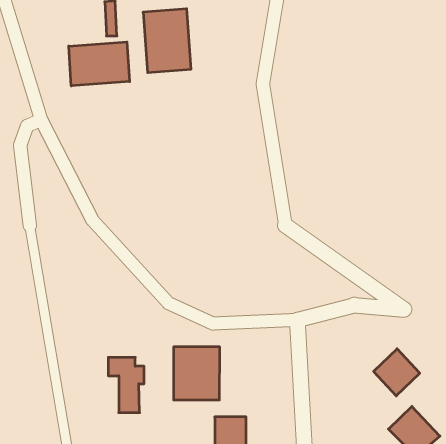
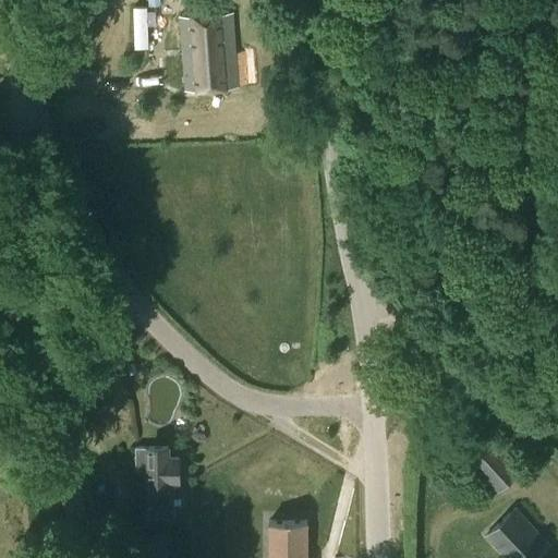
building: [69,42,130,86] -> none
building: [174,347,219,400] -> none

